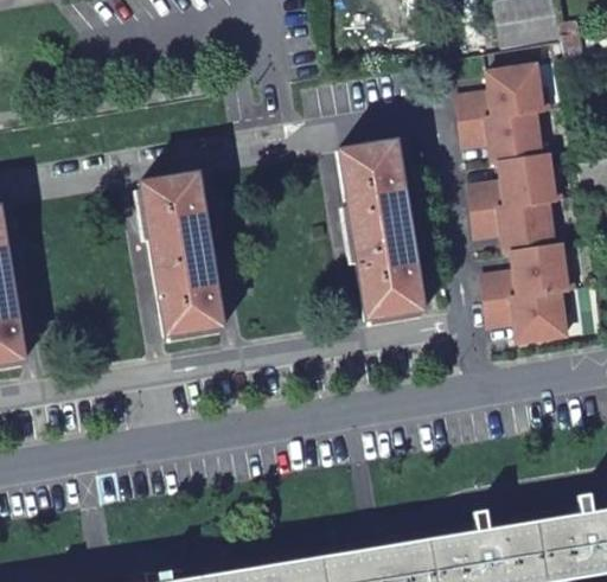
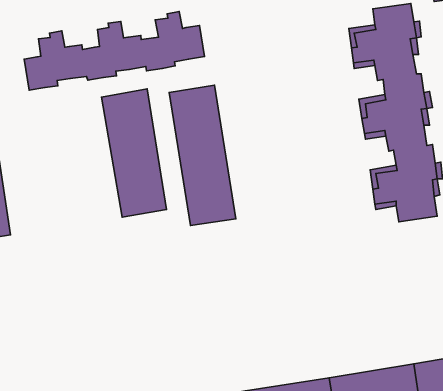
building: none -> [24,11,205,90]
building: [337,140,422,319] -> [169,85,236,225]

